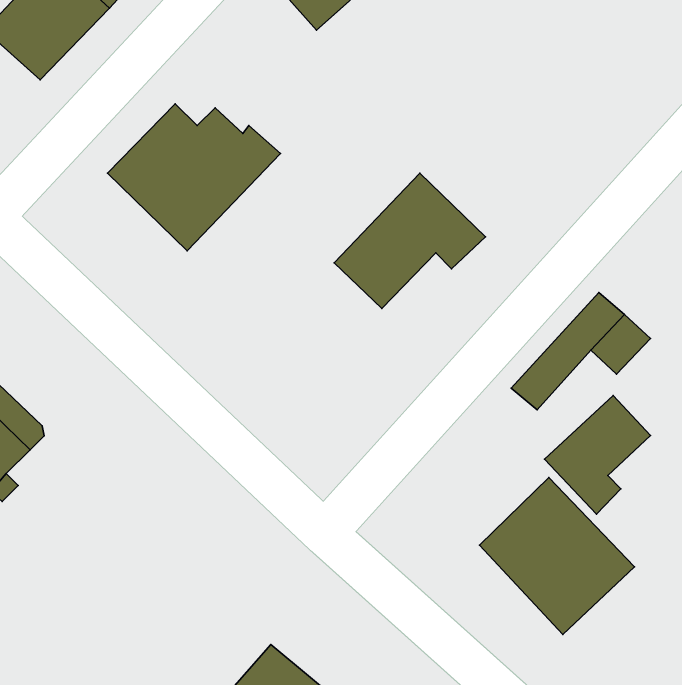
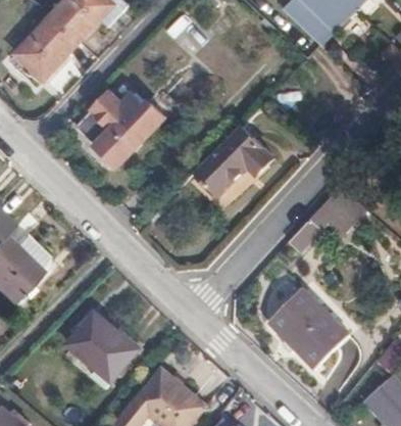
building: [545,395,650,514] -> none
building: none -> [66,312,137,382]

